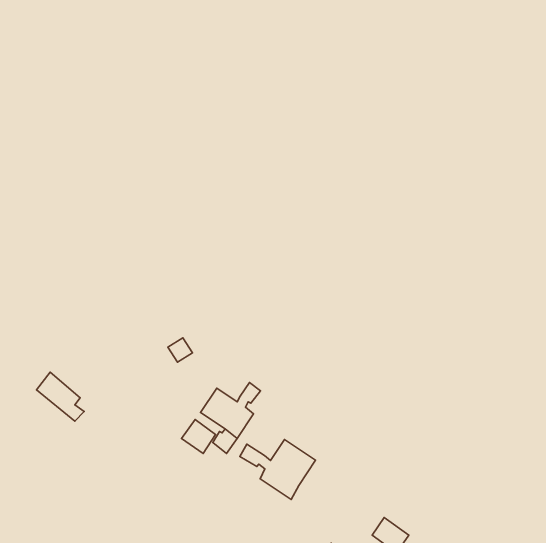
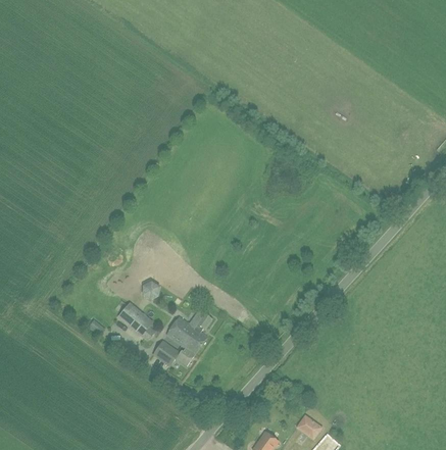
building: [37,372,84,421] -> [118,302,154,339]
building: [240,440,316,500] -> none

